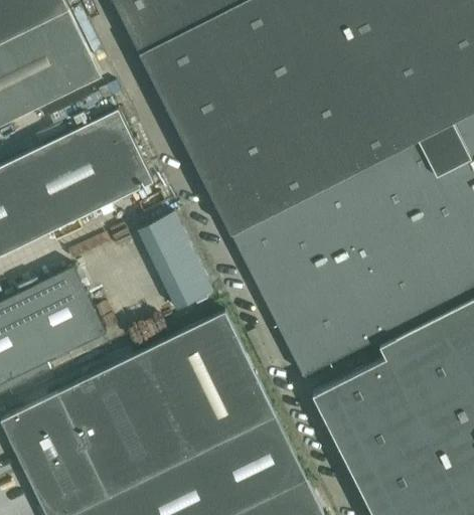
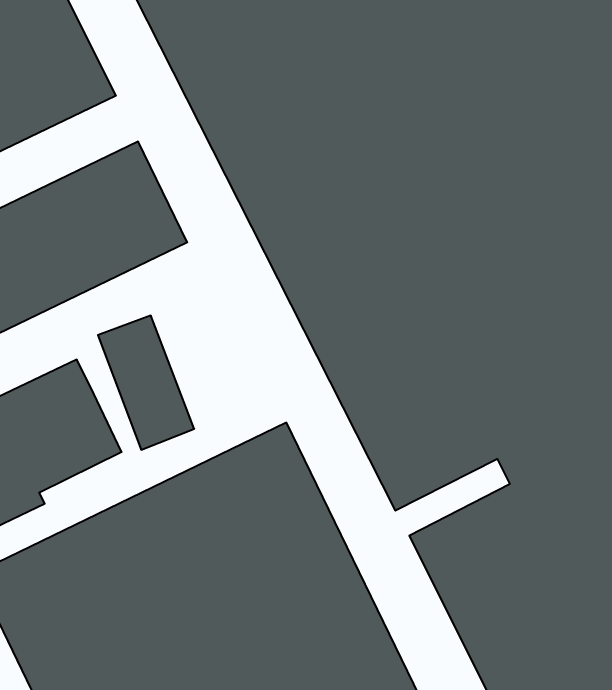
building: [141,218,210,315] -> [98,316,194,450]

